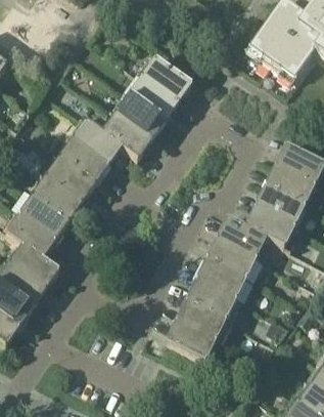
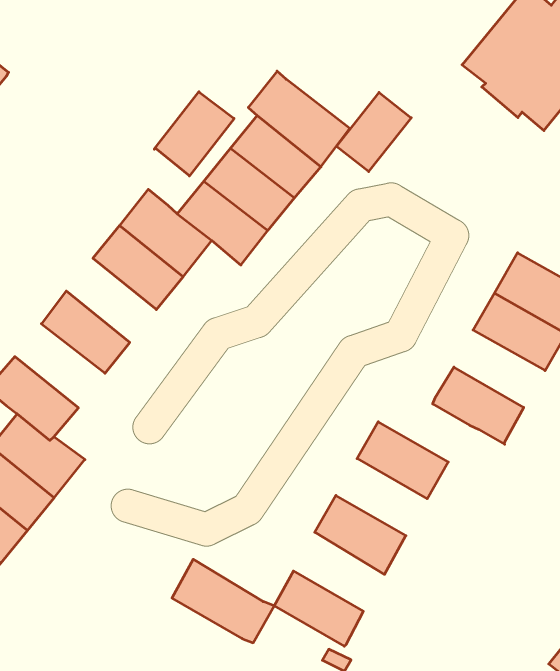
building: none -> [336,92,411,172]
building: none -> [154,92,234,176]
building: [46,157,95,201] -> none
building: [257,183,306,223] -> none
building: [20,194,70,238] -> none
building: [218,213,267,255] -> none
building: [197,256,246,296] -> none
building: [177,297,232,340] -> [172,559,274,643]

